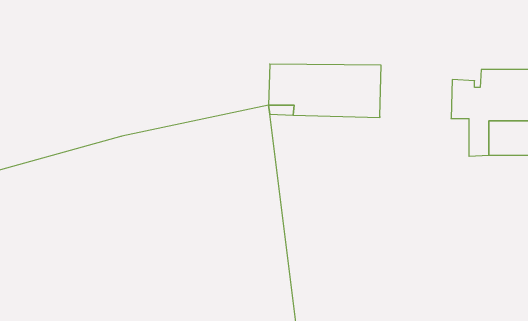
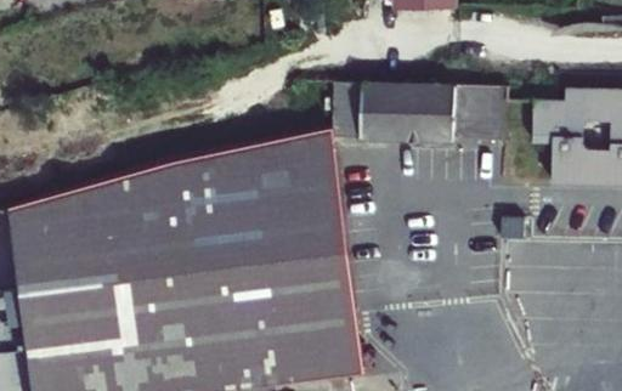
building: none -> [456,85,507,142]

